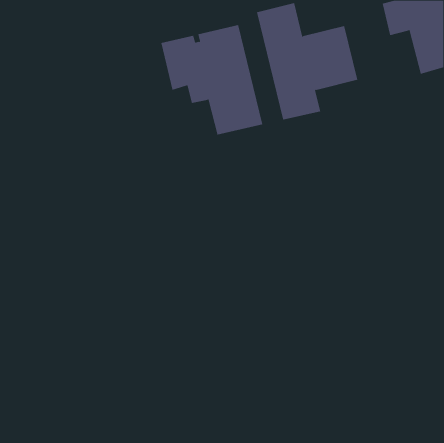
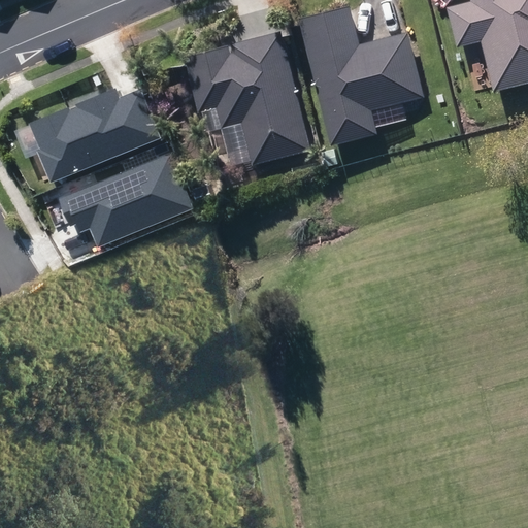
building: none -> [33,86,161,182]
building: none -> [59,153,191,246]

